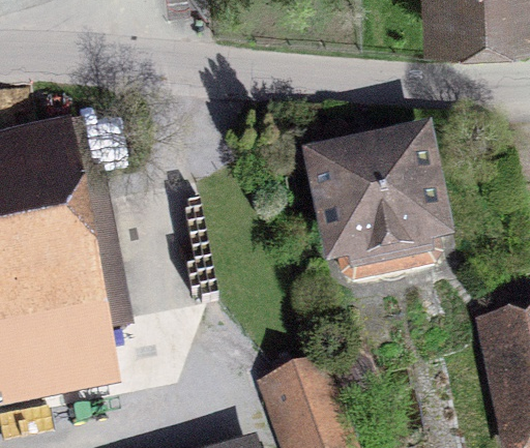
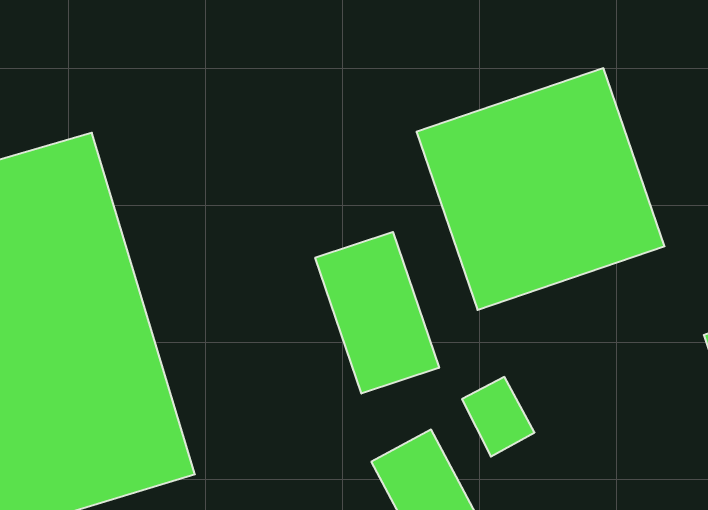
building: none -> [315,232,439,394]

